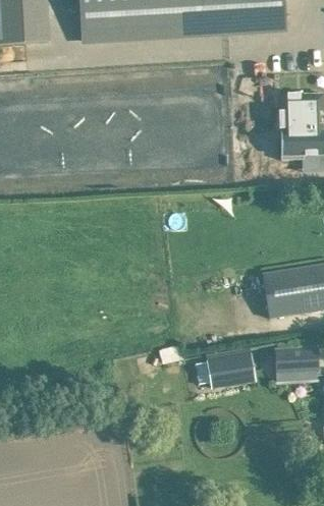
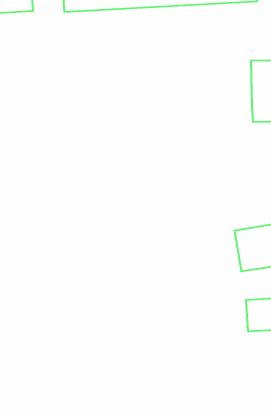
building: [195,351,254,388] -> none

